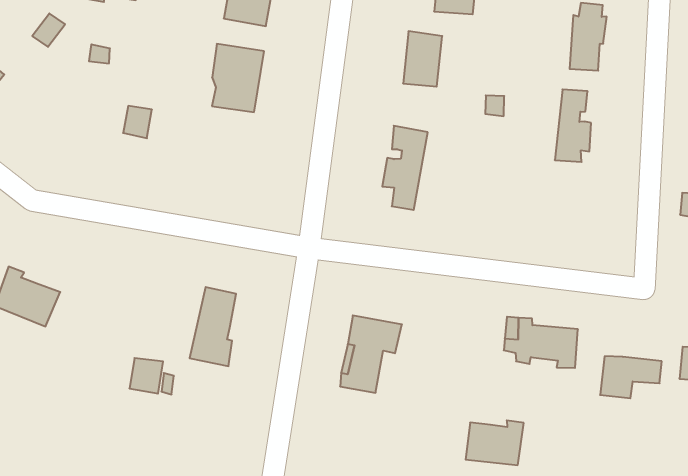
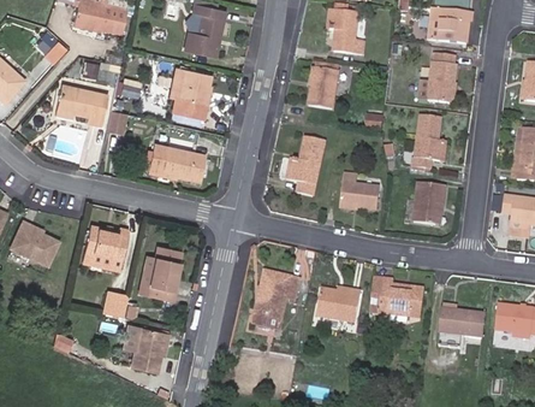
building: none -> [58,87,106,125]
building: none -> [147,144,203,179]
building: none -> [340,172,379,207]
building: none -> [416,181,445,223]
building: none -> [81,224,125,260]
building: none -> [127,326,166,371]
building: [466,420,524,465] -> [317,288,361,320]

